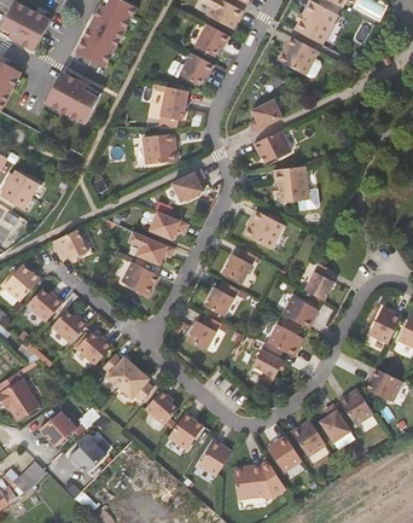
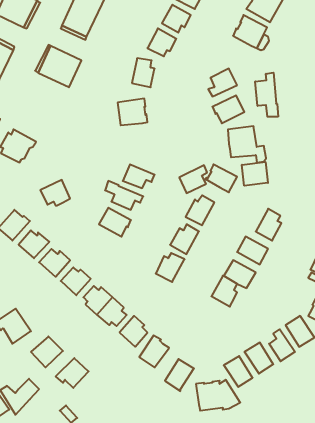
building: none -> [255,73,278,117]
building: [171,168,204,201] -> [179,165,207,193]
building: none -> [242,162,268,186]

